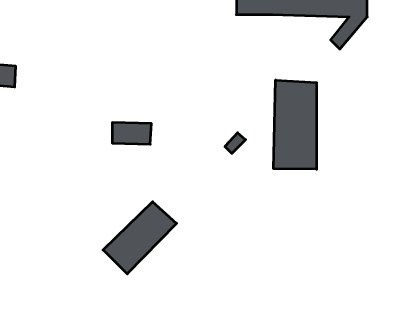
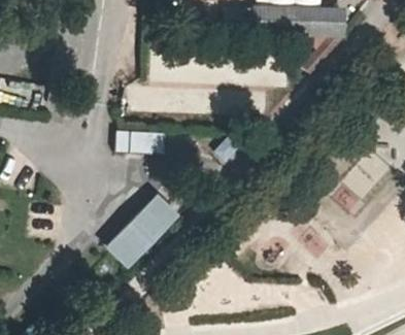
building: [274,80,317,169] -> none

